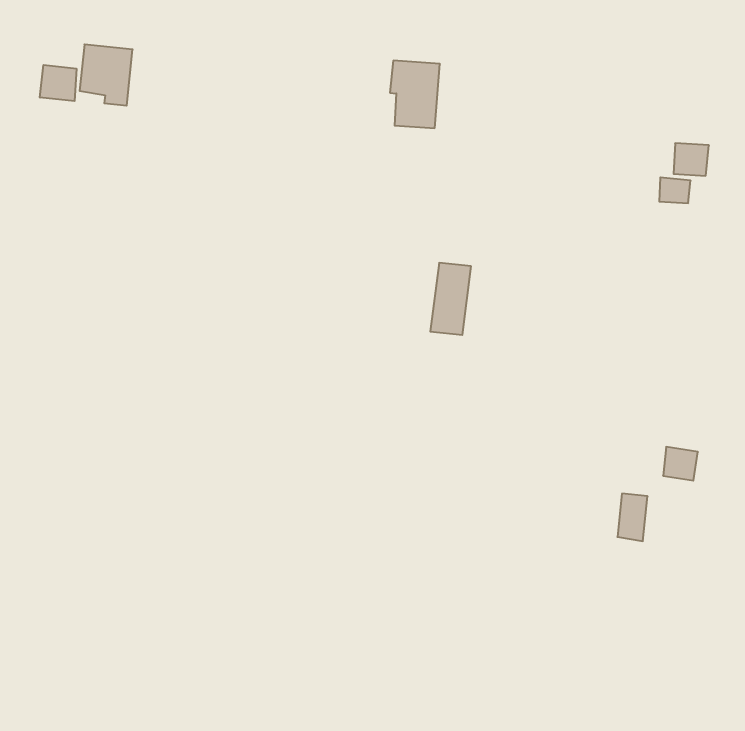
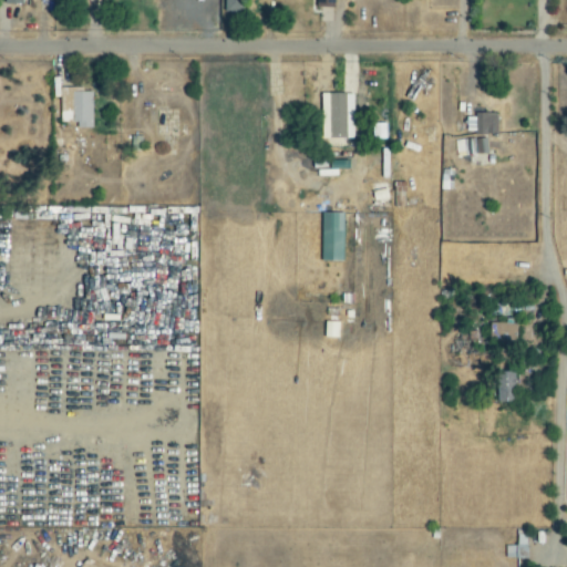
building: [390,61,440,128] -> [322,93,355,138]
building: [40,65,76,101] -> none
building: [617,494,648,541] -> [498,371,516,402]

